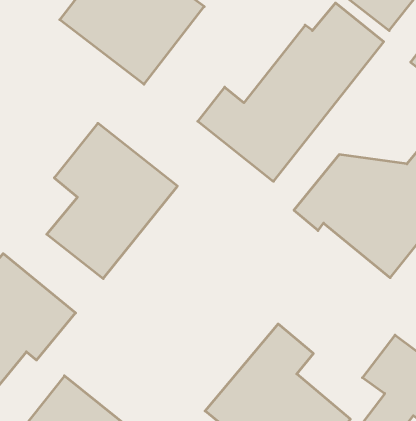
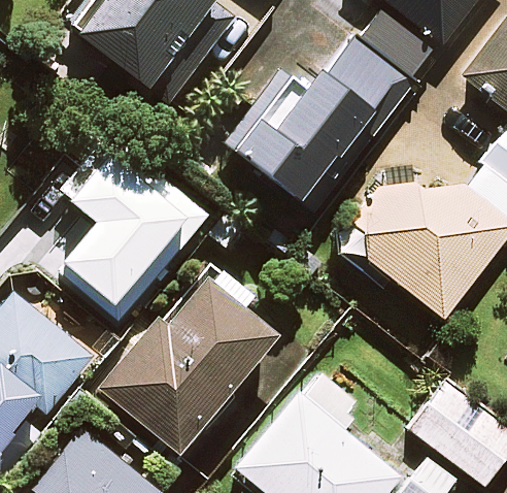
building: none -> [102,268,273,453]

